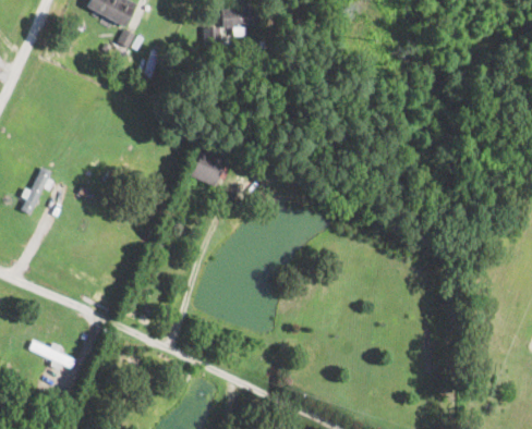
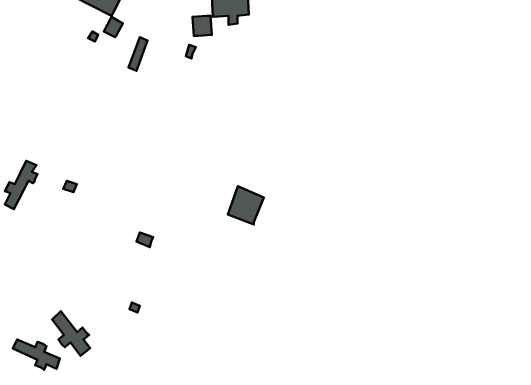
building: [191,150,226,187] -> [228,186,264,225]
building: none -> [52,311,90,356]

